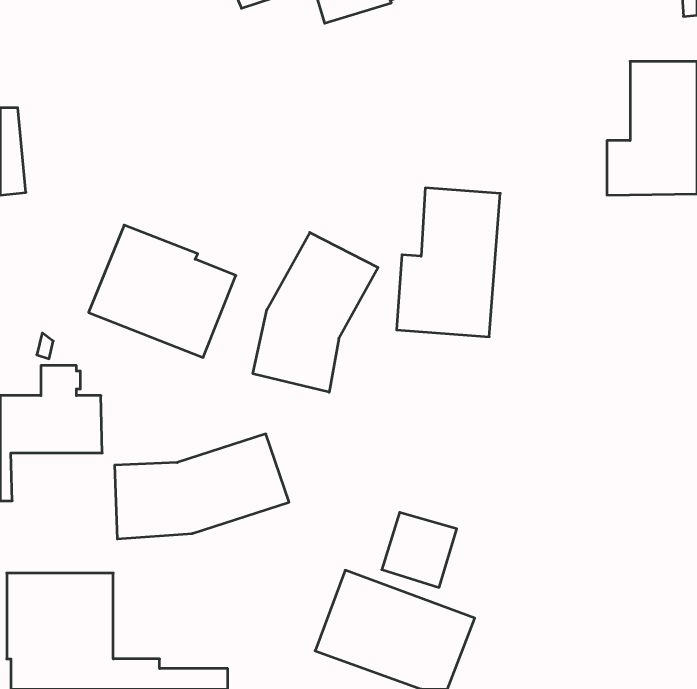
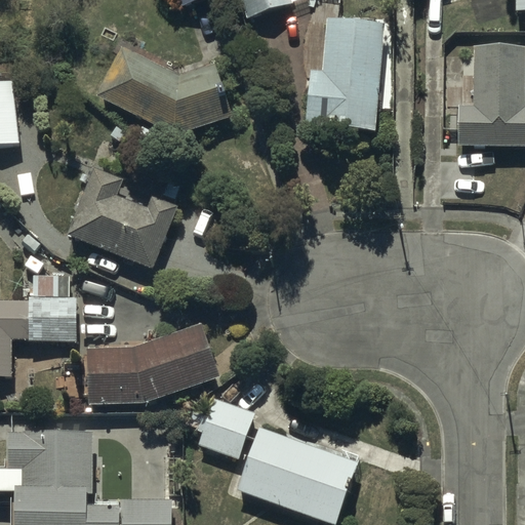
building: none -> [98,50,230,135]
building: [397,188,500,337] -> [305,19,382,131]
building: [253,232,378,392] -> none
building: [382,512,457,587] -> [197,400,253,456]

